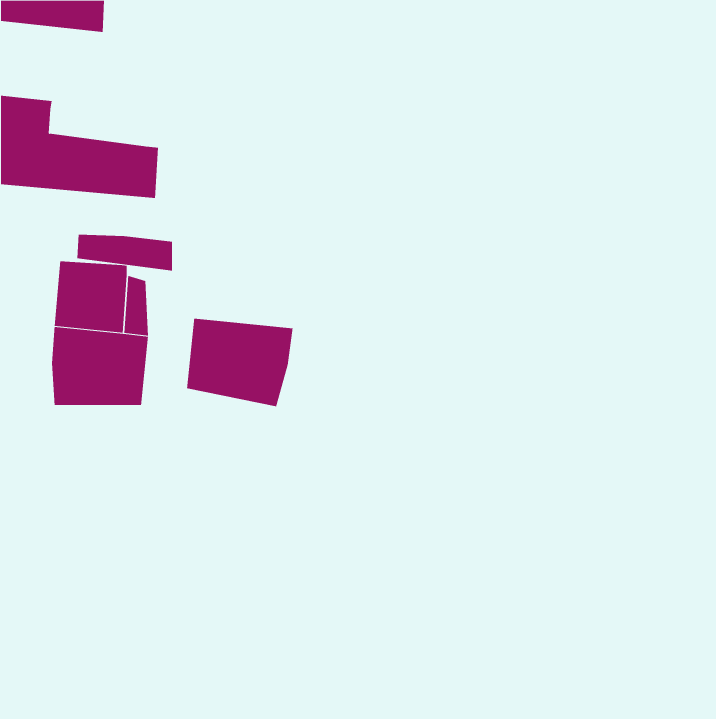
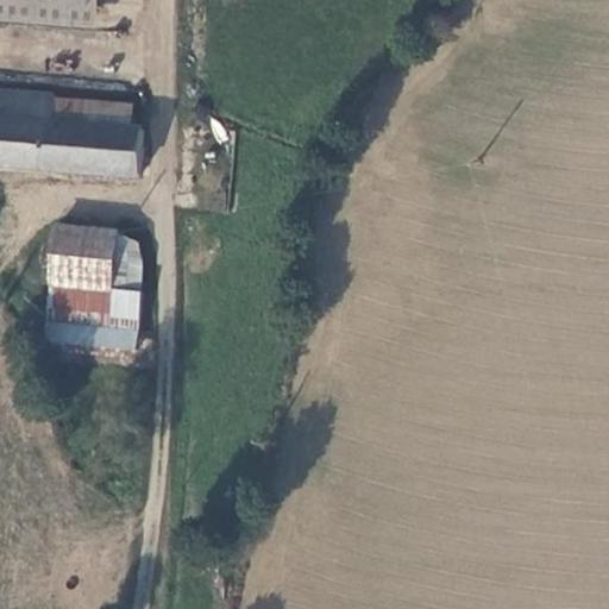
building: [77,234,173,271] -> [49,96,130,127]
building: [186,318,293,407] -> none

